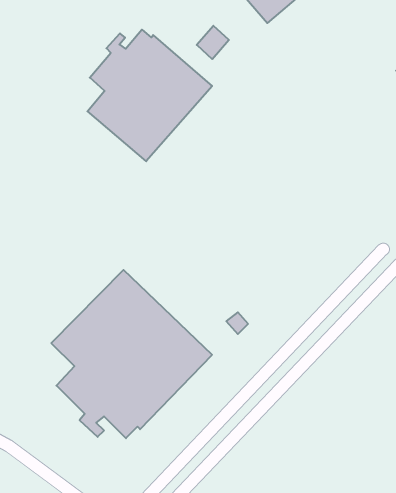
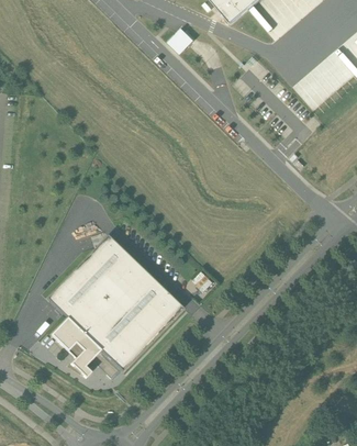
building: [87,30,212,161] -> none

